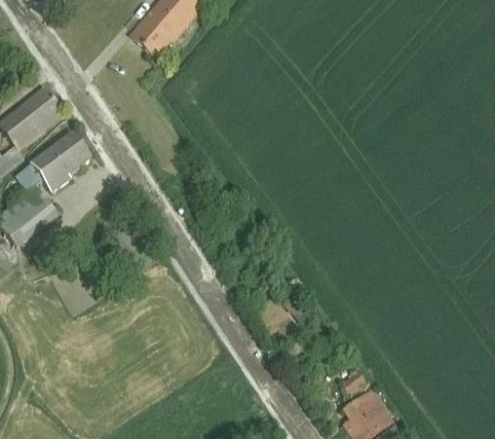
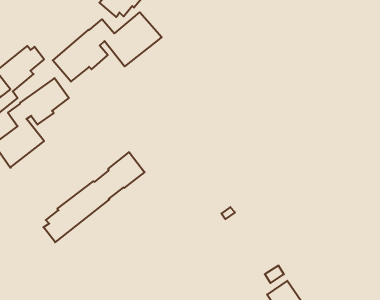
building: none -> [53,12,162,82]
building: none -> [43,152,145,242]

